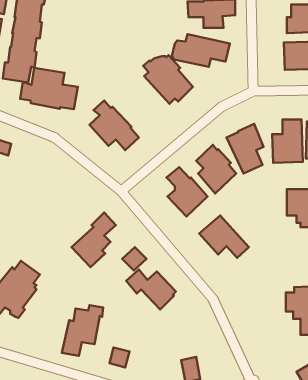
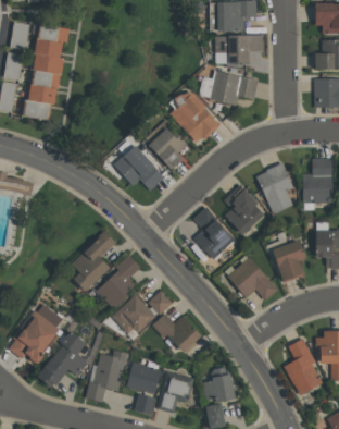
building: [20,68,78,109] -> none
building: none -> [145,119,188,170]
building: none -> [72,231,115,292]
building: none -> [273,240,307,283]
building: none -> [111,295,154,334]
building: none -> [39,330,88,388]
building: none -> [284,340,322,396]
building: none -> [126,361,161,395]
building: none -> [201,368,237,403]
building: none -> [155,371,192,414]

